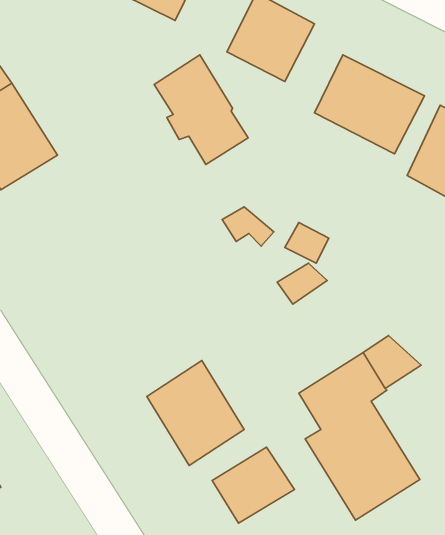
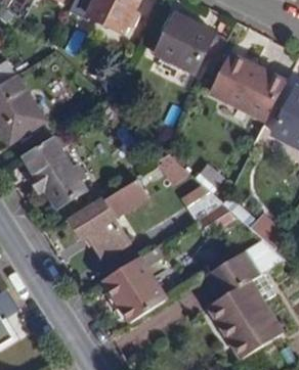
building: [154,55,248,164] -> [23,136,84,207]
building: none -> [71,179,146,258]
building: [212,447,294,523] -> none

